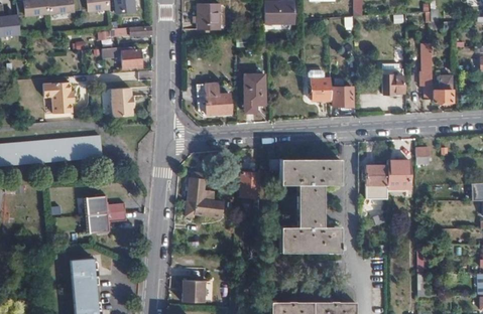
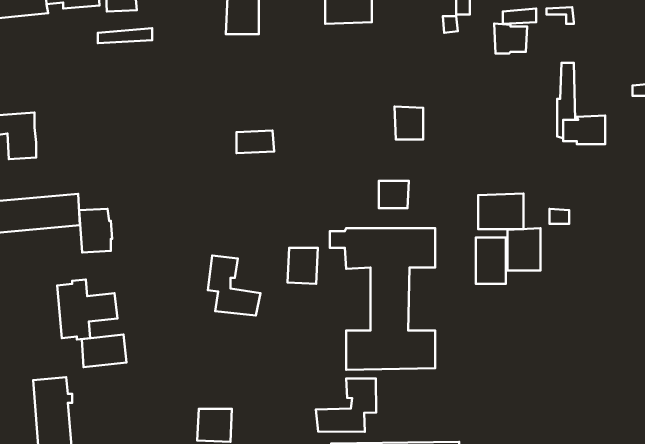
building: [101,45,140,66] -> none
building: [382,73,404,94] -> [494,23,527,53]
building: [244,74,264,108] -> none
building: [111,87,133,116] -> [79,209,112,252]
building: [333,87,353,105] -> [379,181,409,208]
building: none -> [478,194,523,229]
building: none -> [82,334,127,367]
building: none -> [316,379,376,432]

